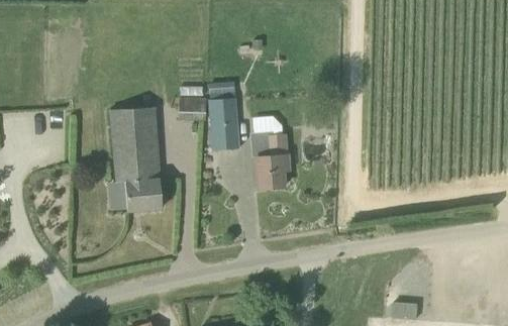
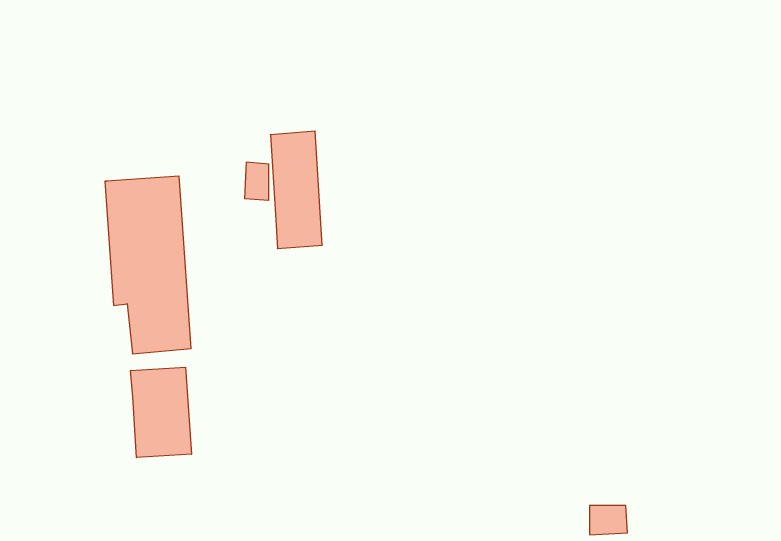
building: [253,134,288,189] -> none
building: none -> [130,367,191,458]

